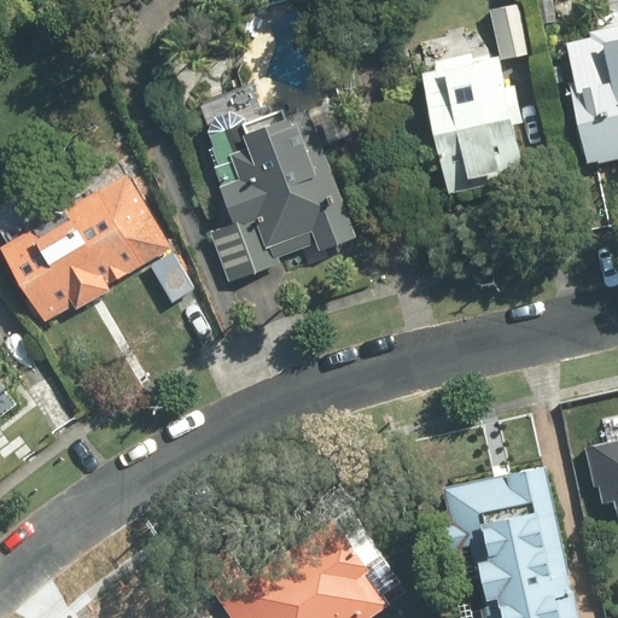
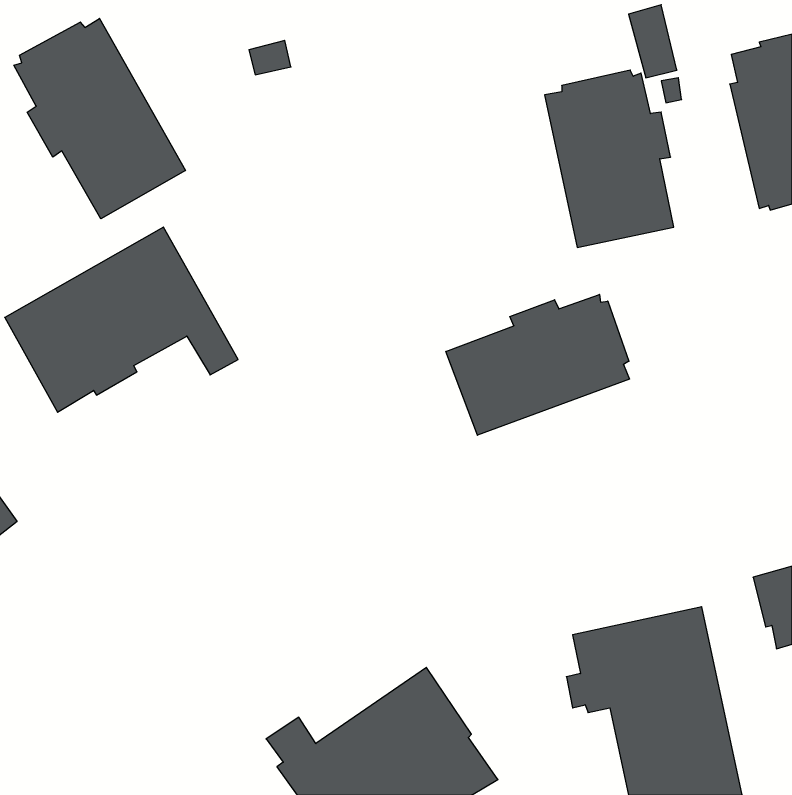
building: none -> [14,18,185,219]
building: [208,111,354,279] -> none
building: none -> [446,294,629,435]

